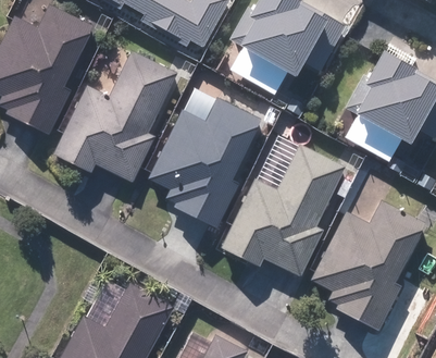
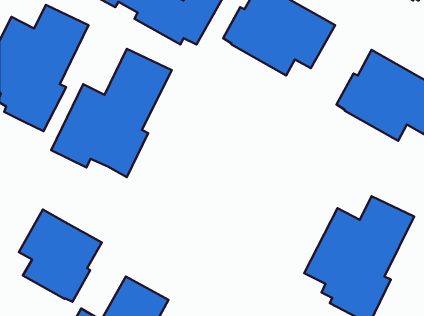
building: [150,98,262,227] -> none
building: [223,145,346,274] -> none
building: none -> [19,209,102,302]

